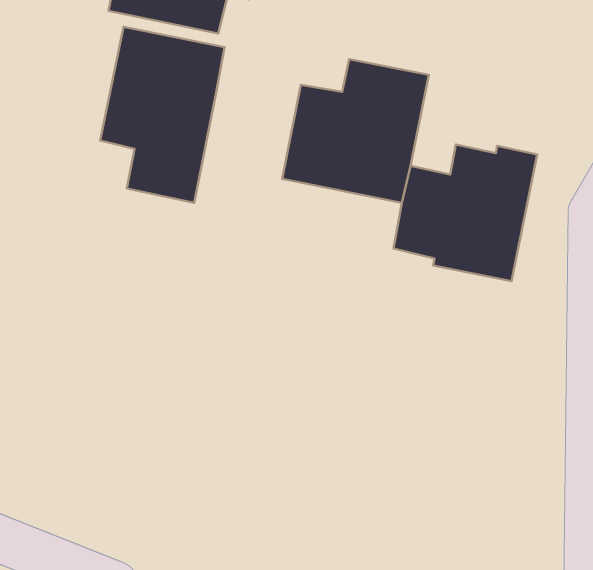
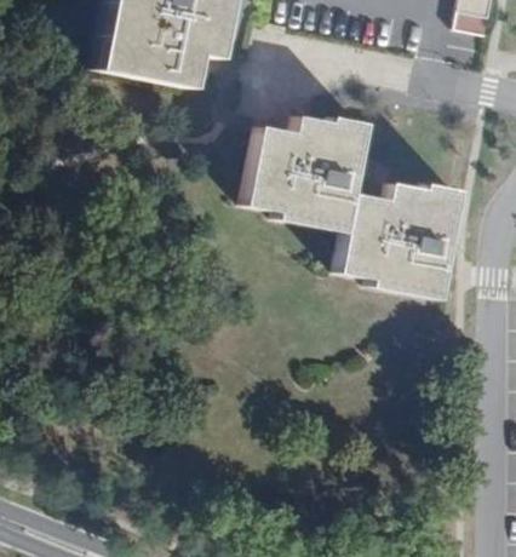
building: [100,27,225,203] -> none

